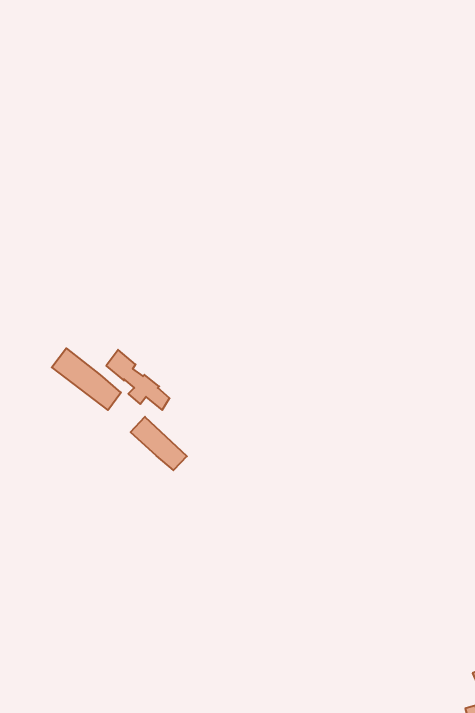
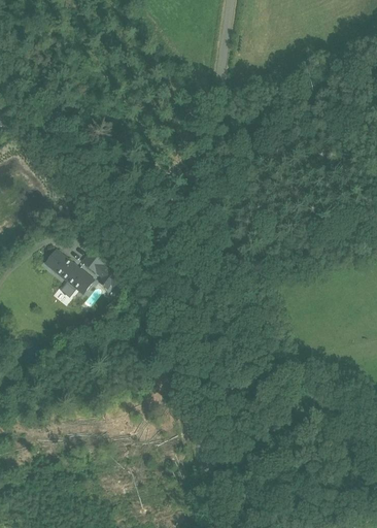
building: [131,417,187,470] -> none

